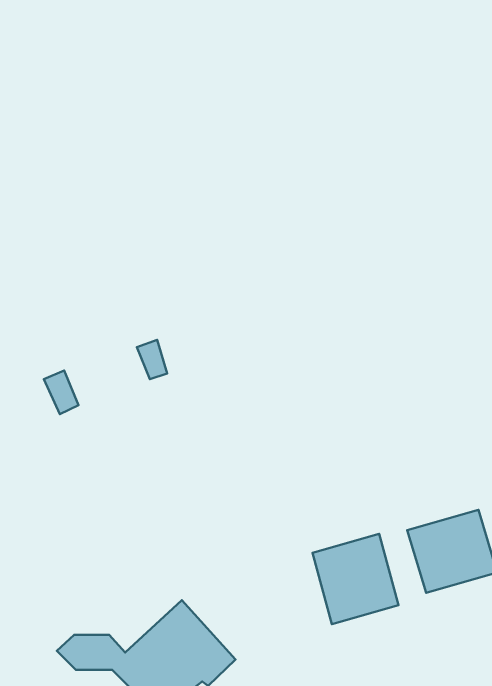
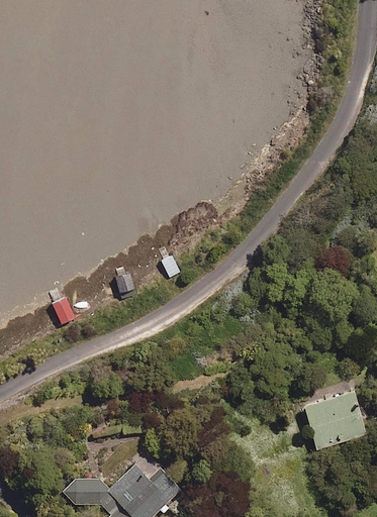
building: [312,534,398,624] -> none

